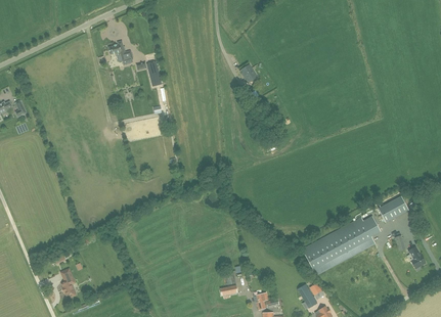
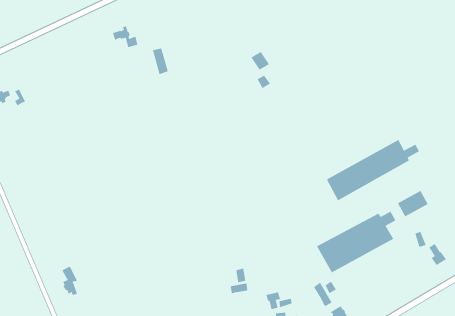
building: none -> [326,139,420,201]

